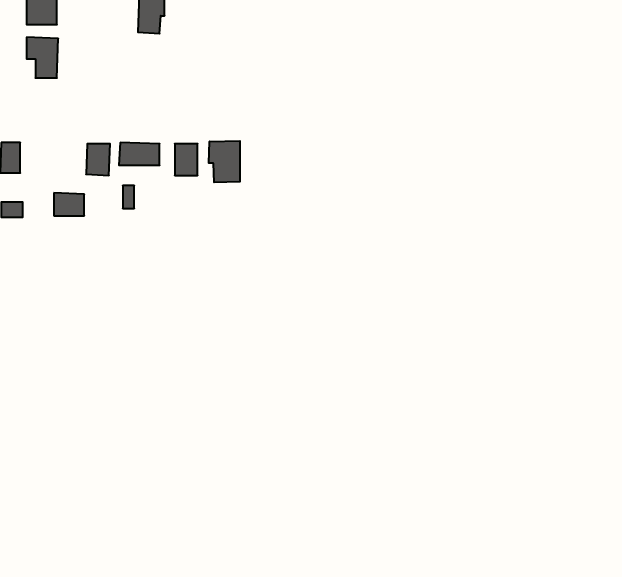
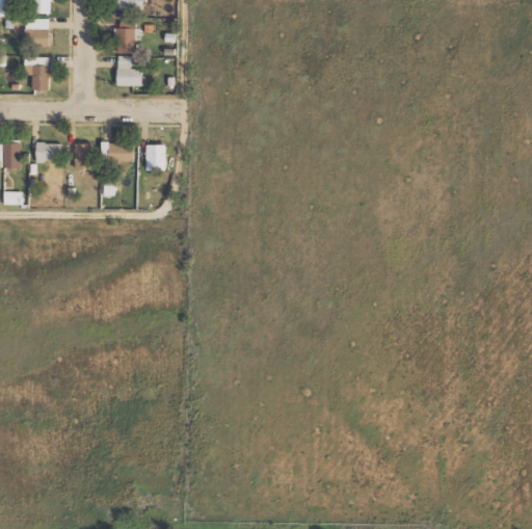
building: none -> [116,55,141,85]
building: [209,141,240,182] -> none
building: [54,193,84,216] -> [35,142,60,161]

